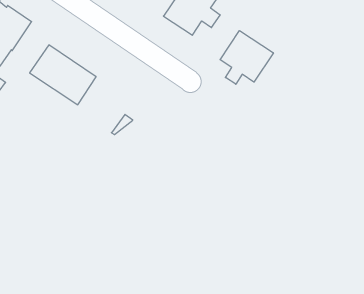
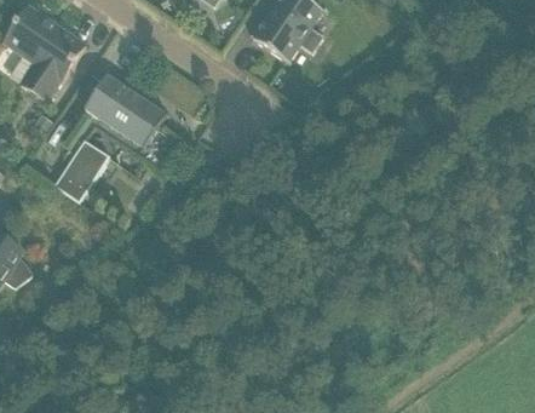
building: [220,31,273,84] -> none
building: none -> [52,138,109,201]

